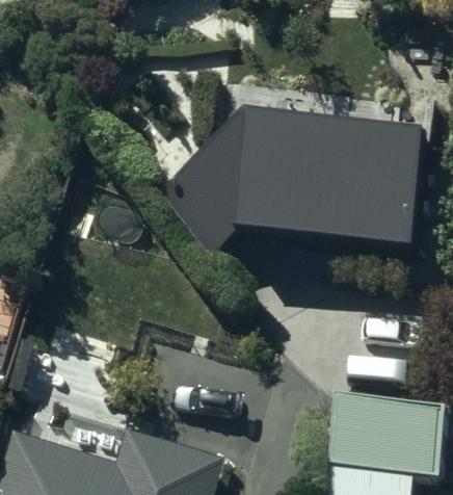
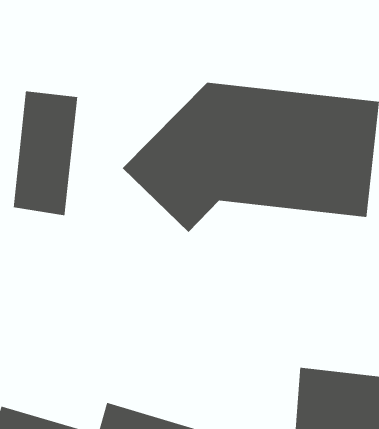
building: none -> [13,90,78,216]

